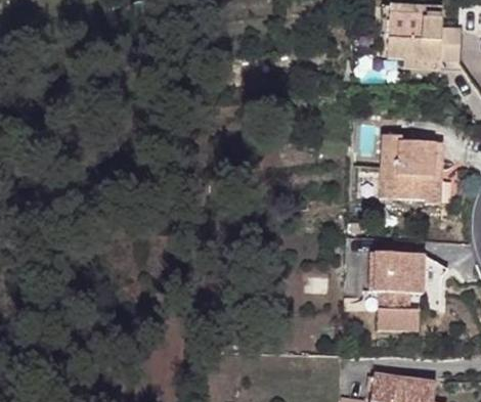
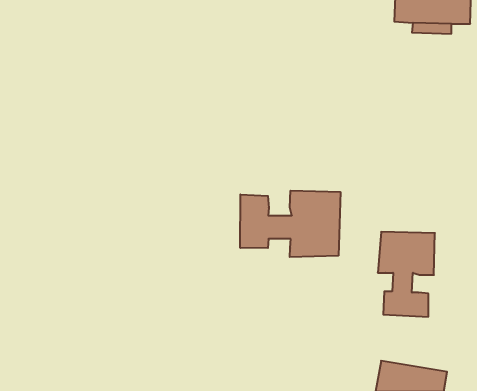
building: [379,135,444,205] -> none
building: none -> [240,191,340,257]

